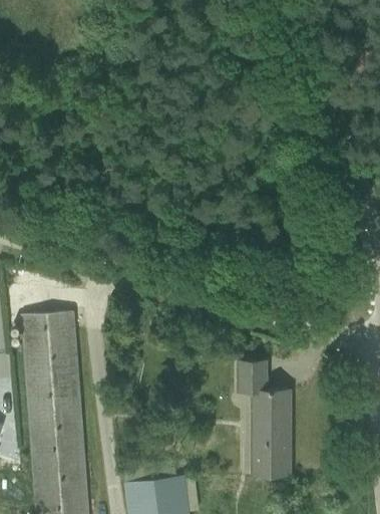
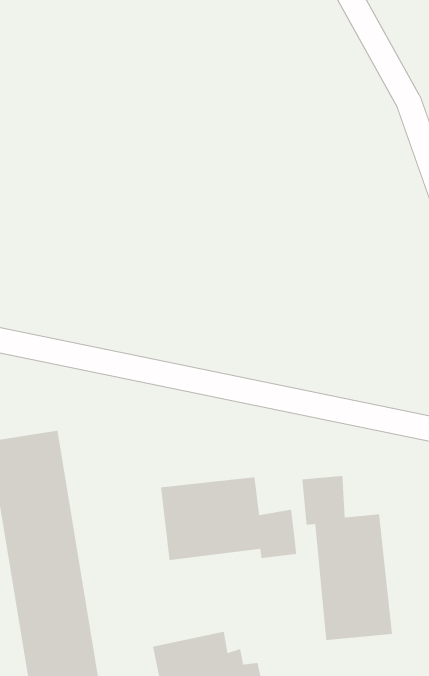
building: none -> [161,477,297,561]

